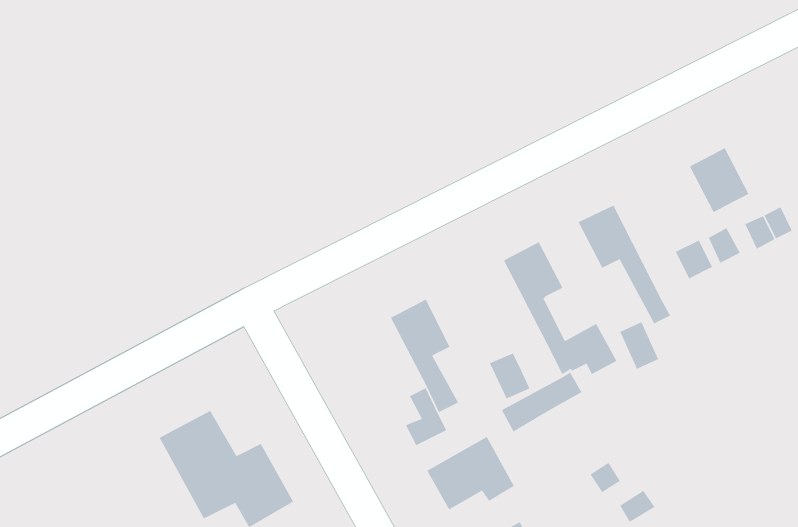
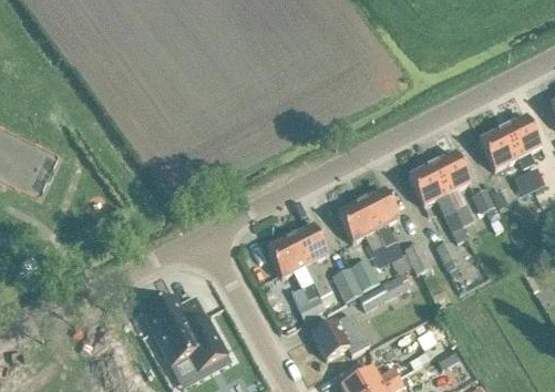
building: none -> [503,117,542,168]
building: none -> [432,153,474,226]
building: none -> [338,200,392,267]
building: none -> [267,237,312,287]
building: none -> [333,266,366,302]

